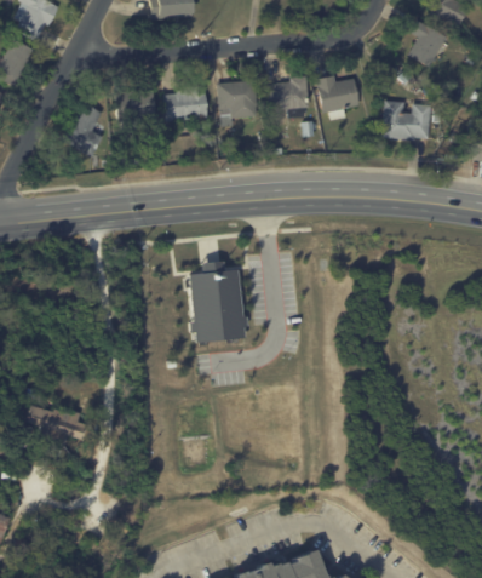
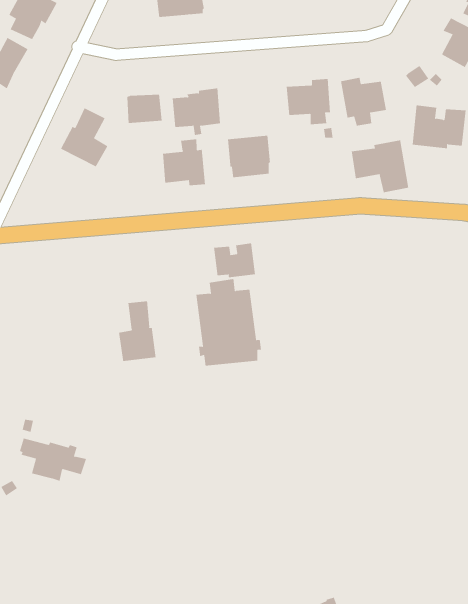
building: [218,80,258,119] -> [227,135,271,178]
building: none -> [162,139,205,186]
building: none -> [351,140,409,193]
building: none -> [214,242,255,278]
building: none -> [119,301,156,362]

